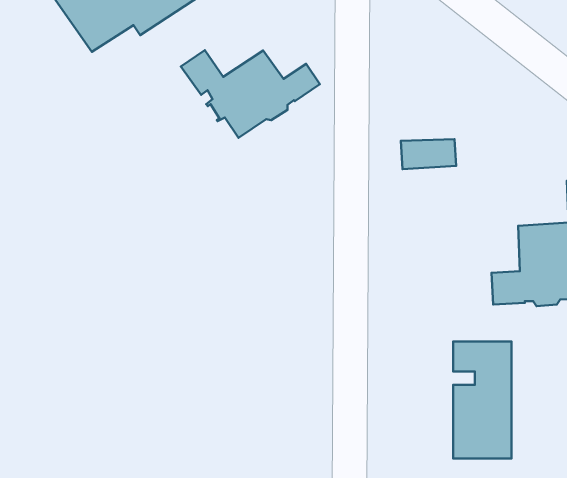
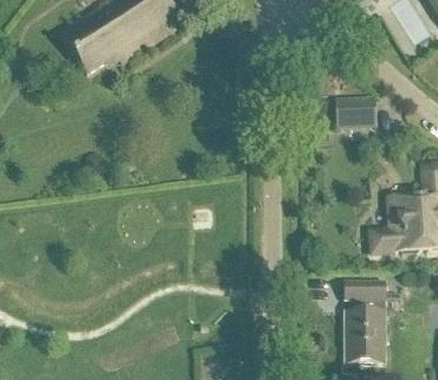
building: [181,50,320,138] -> none
building: [401,139,456,169] -> [335,99,374,121]

